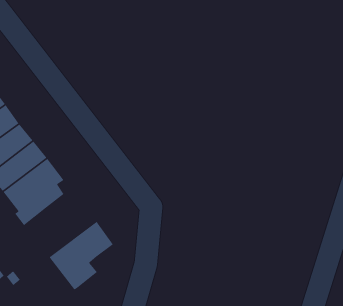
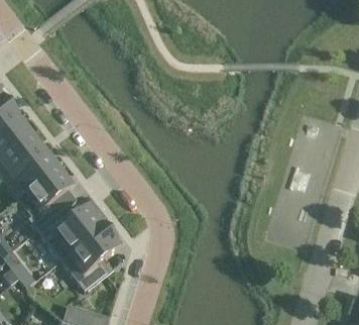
building: none -> [36,202,105,257]

